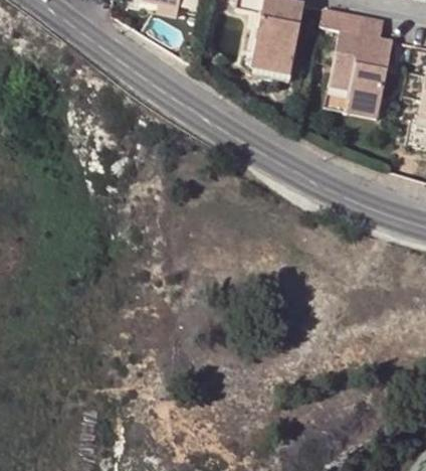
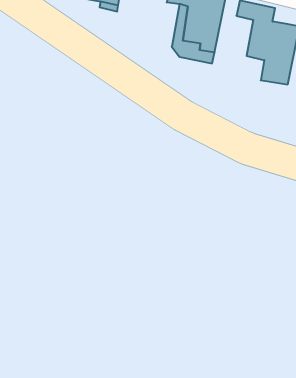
building: [325,71,381,115] -> none

